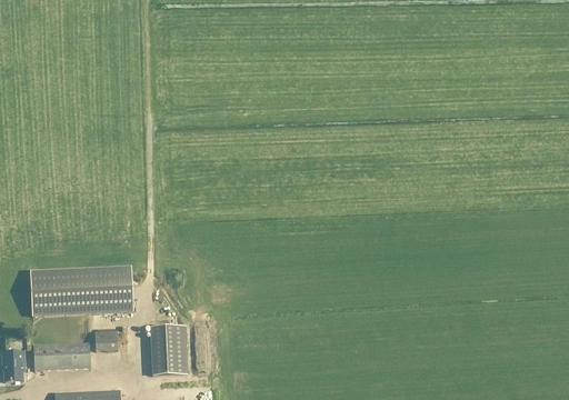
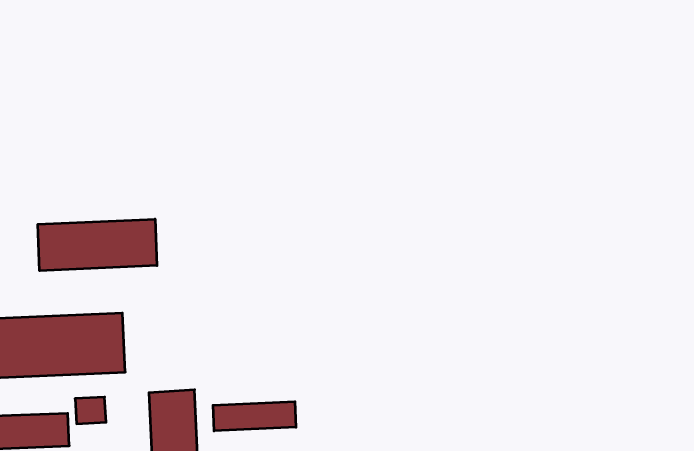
building: none -> [38,219,157,271]
building: none -> [213,402,296,431]

